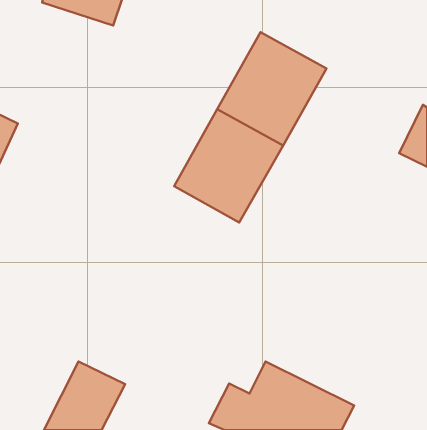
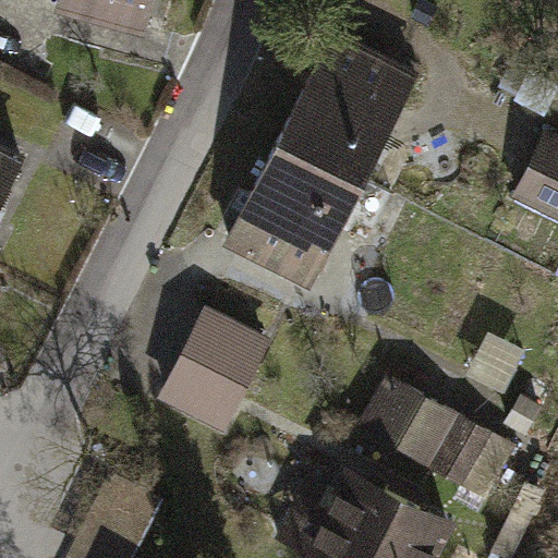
building: none -> [147,302,270,437]
building: none -> [350,374,523,509]

